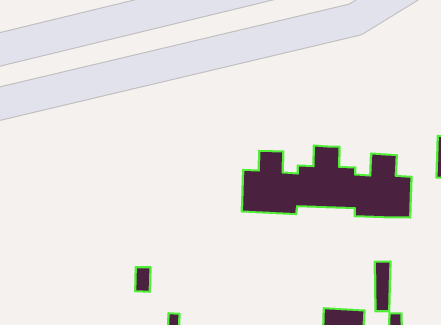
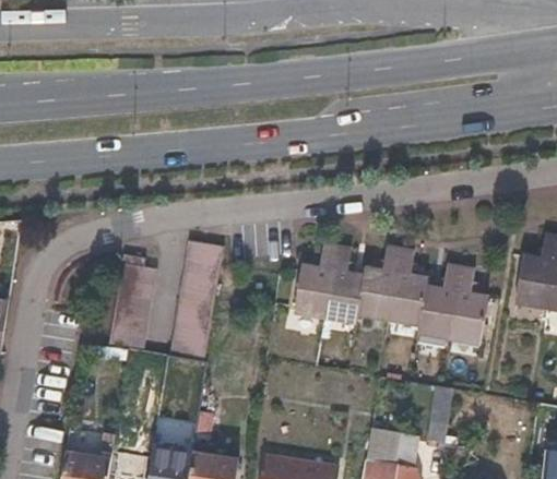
building: none -> [170,241,223,359]
building: none -> [109,255,155,349]

